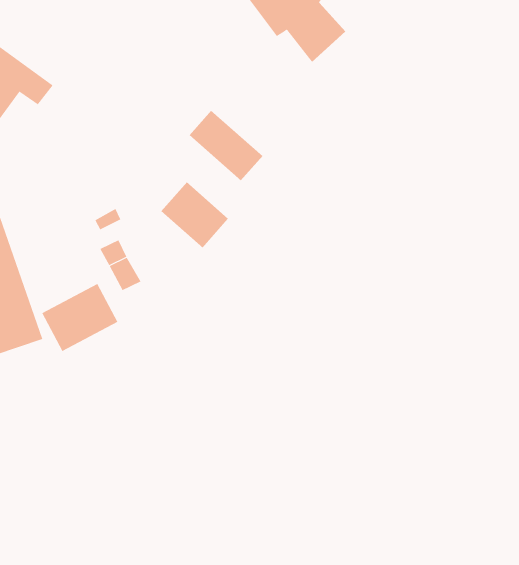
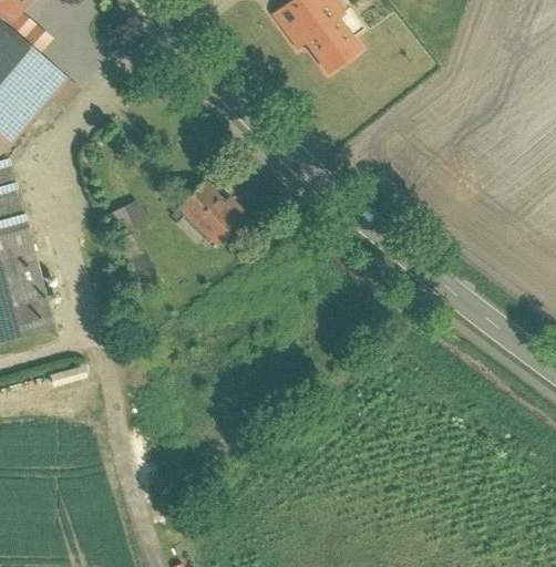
building: [189,110,263,181] -> none
building: [41,283,118,352] -> none

